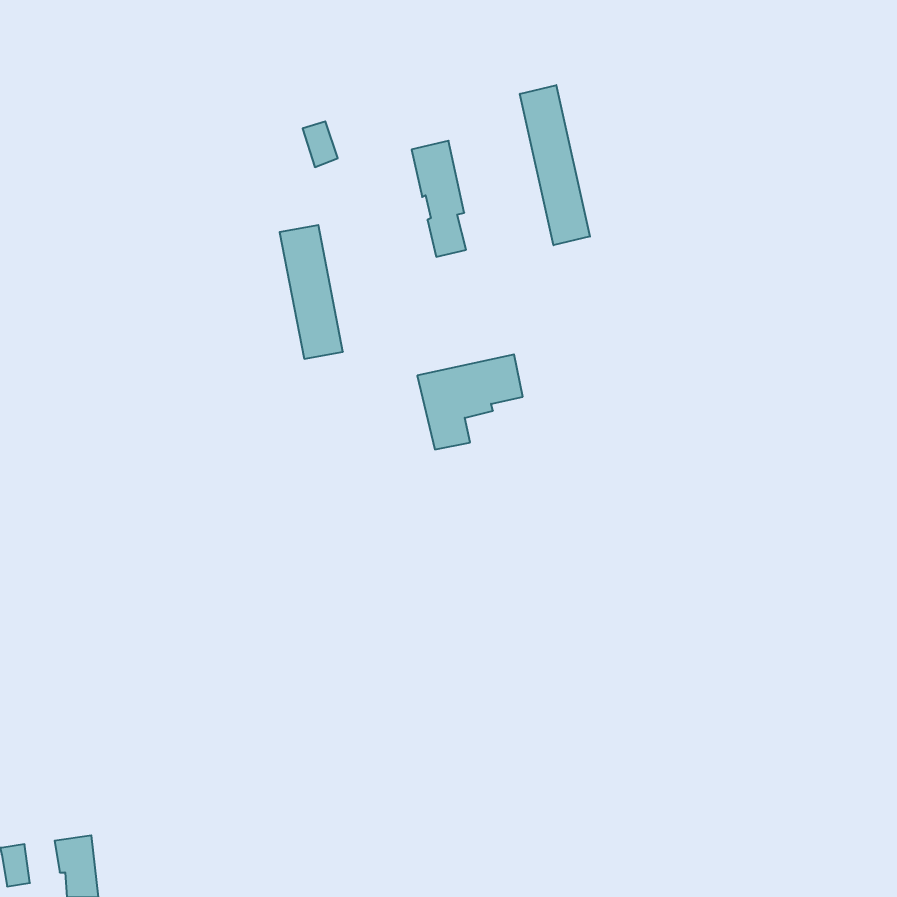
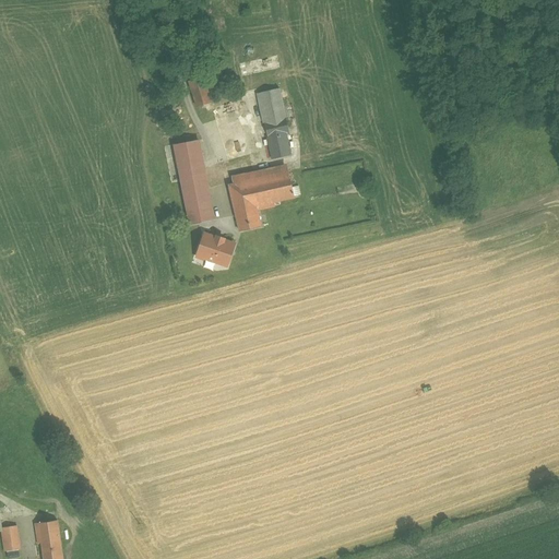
building: [520,85,590,245] -> none
building: [417,354,523,449] -> [227,170,293,229]
building: none -> [194,233,235,265]

